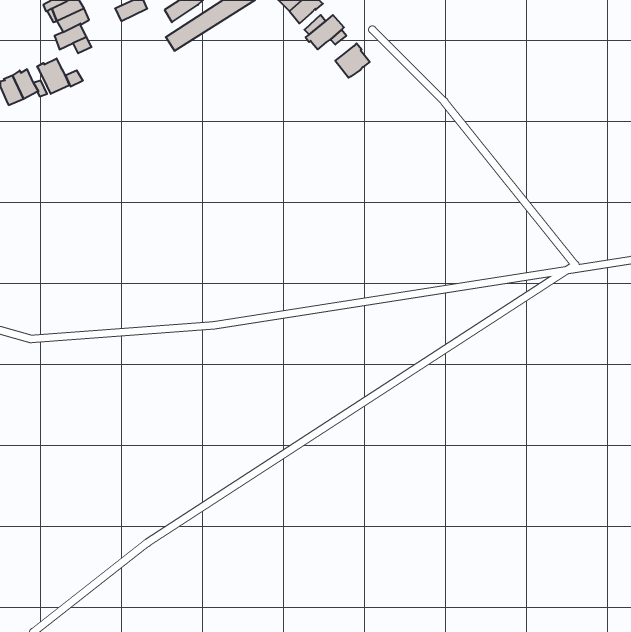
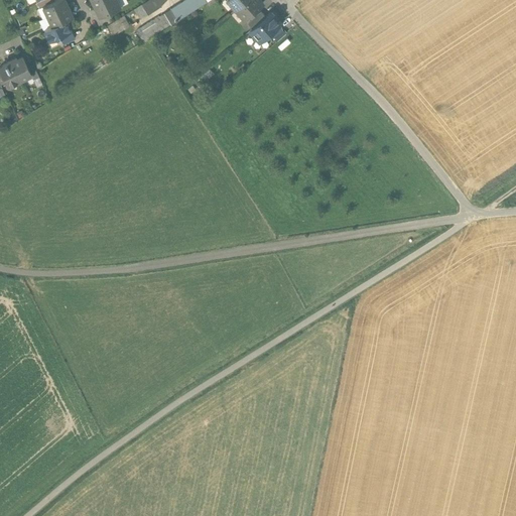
building: [335,43,370,78] -> none
building: [37,58,69,94] -> none

